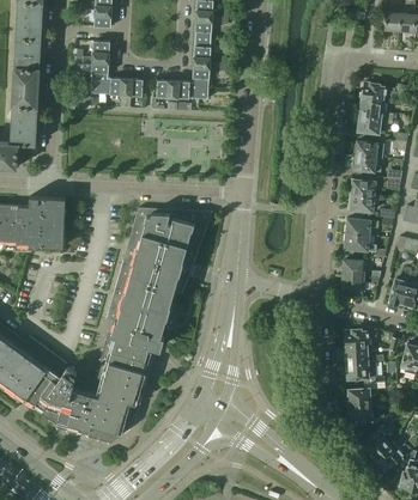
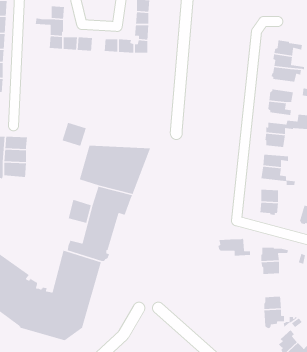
building: [120,249,150,279] -> [62,122,87,147]
building: [107,295,137,324] -> none
building: [345,360,384,383] -> [218,237,251,256]

